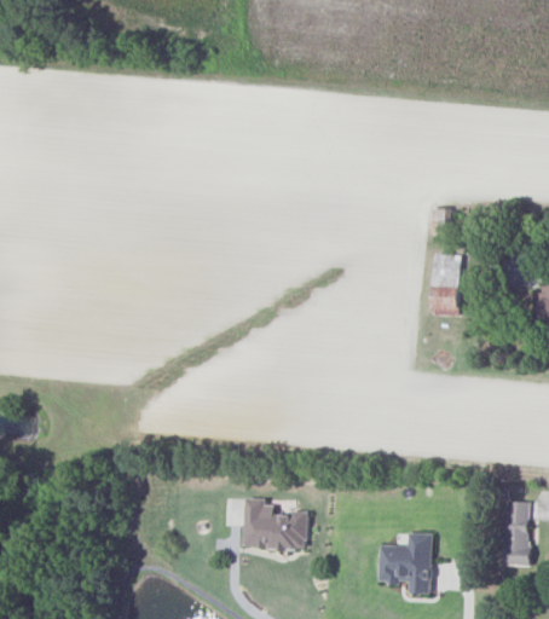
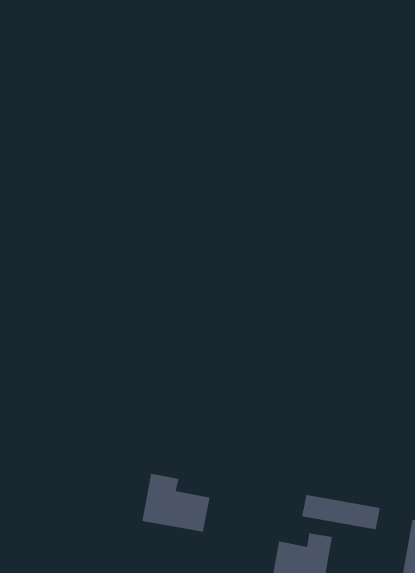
building: [432,255,461,317] -> none
building: none -> [301,494,381,530]

